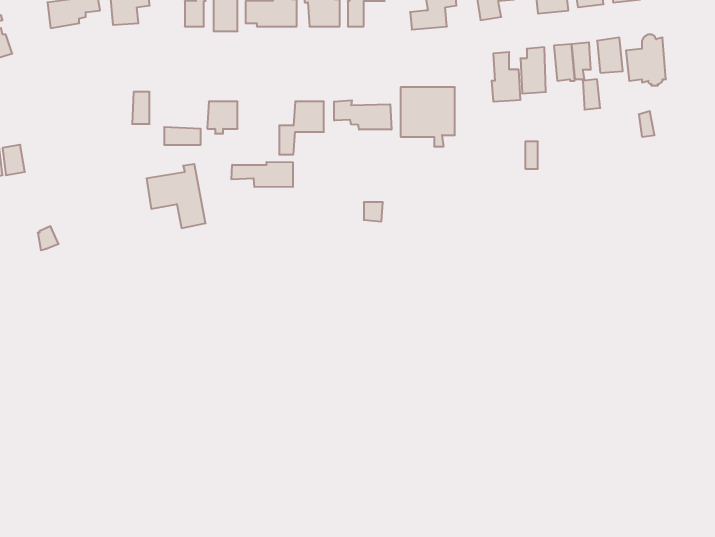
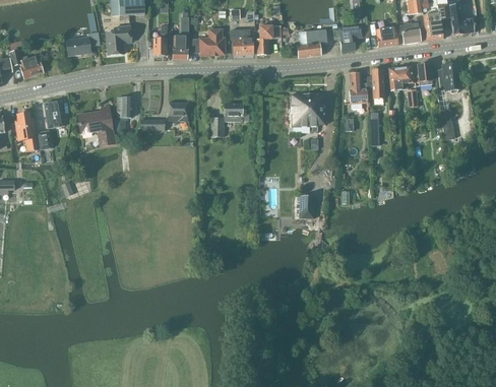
building: none -> [44,101,64,128]
building: [334,100,391,130] -> none
building: [231,162,293,187] -> none
building: [146,164,206,228] -> [77,105,115,145]
building: none -> [296,195,314,219]

